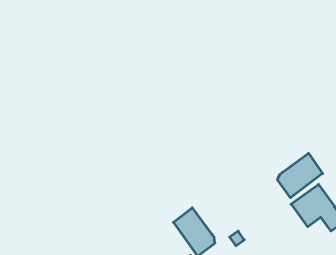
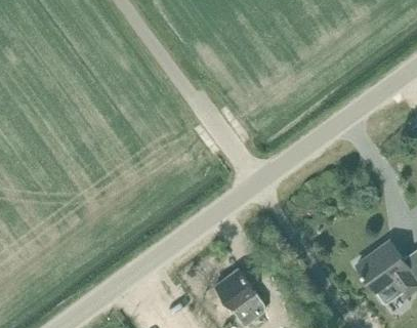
building: [277,153,323,198] -> none

